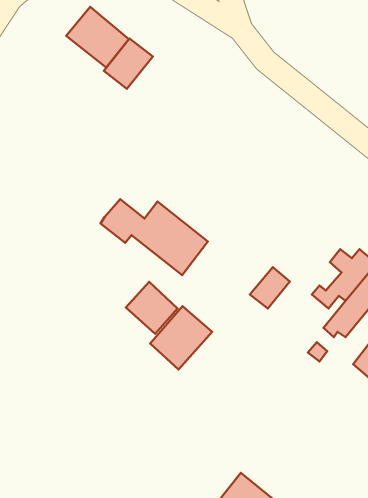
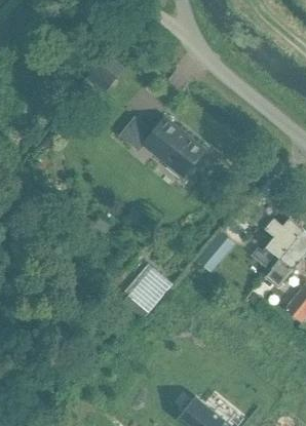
building: [66,7,129,68] -> none
building: [101,199,208,275] -> [119,117,204,178]
building: [126,282,177,334] -> none

